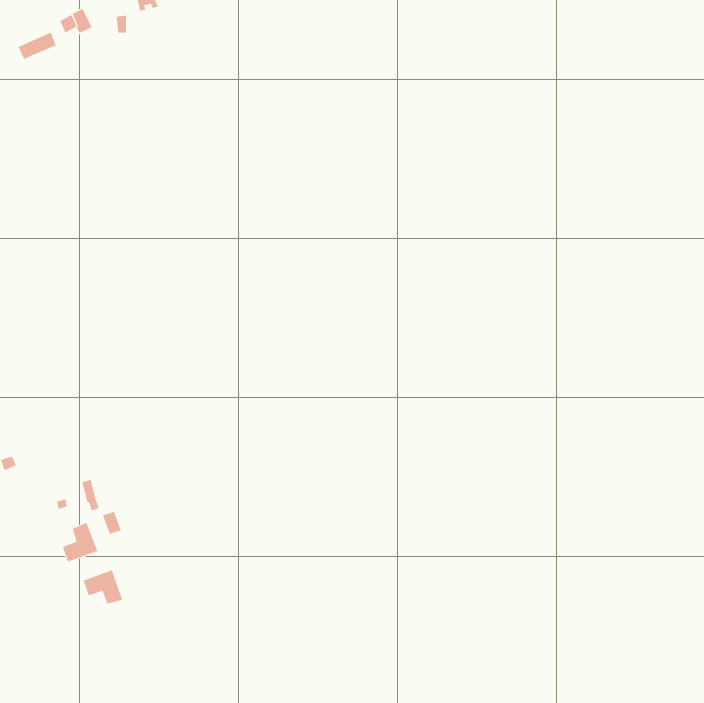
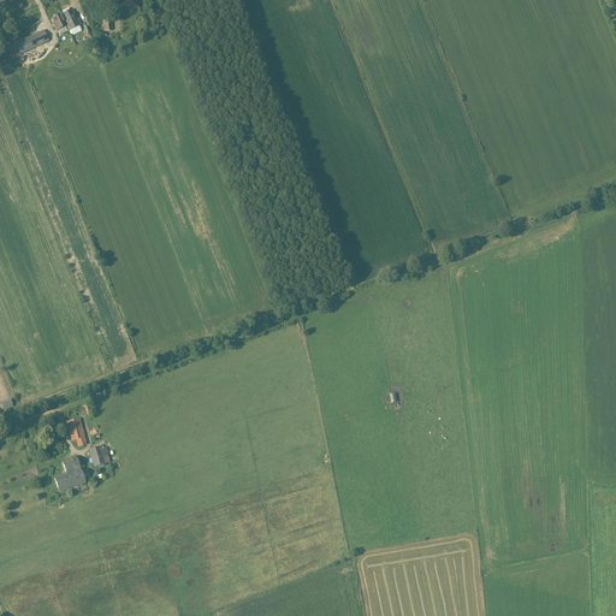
building: [83,570,123,604] -> none

